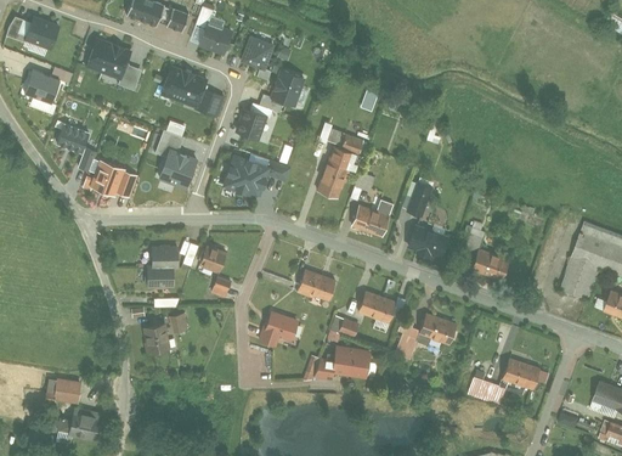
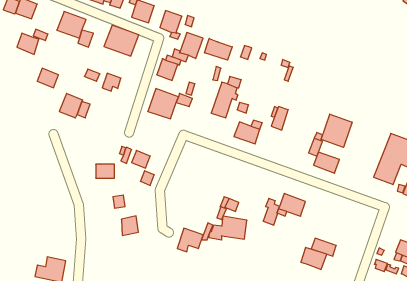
building: none -> [205,38,232,60]
building: [197,80,226,113] -> none
building: [158,151,197,191] -> none
building: none -> [321,114,352,147]
building: [407,224,449,260] -> none
building: [151,246,177,268] -> none
building: [296,269,337,302] -> none
building: [357,291,396,323] -> none
building: [260,311,299,347] -> [177,228,203,252]
building: [145,325,170,354] -> [121,216,138,235]
building: [502,358,541,390] -> [301,248,327,269]
building: [41,378,78,407] -> none

